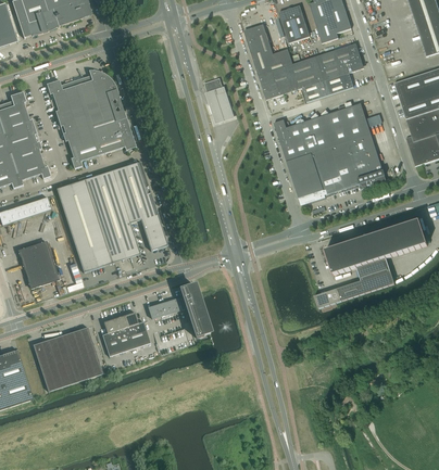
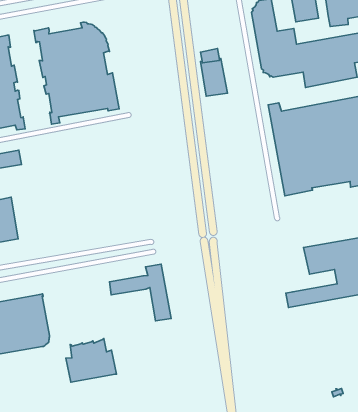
building: [55,162,166,272] -> none
building: [101,312,150,356] -> [66,339,116,382]

